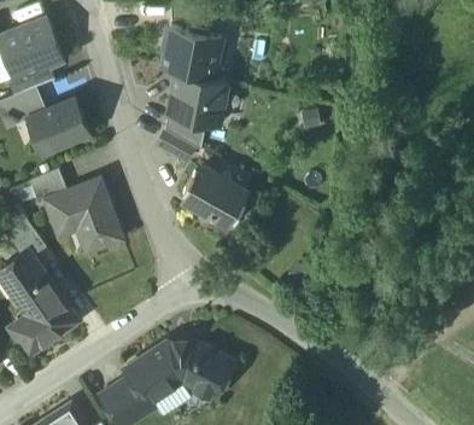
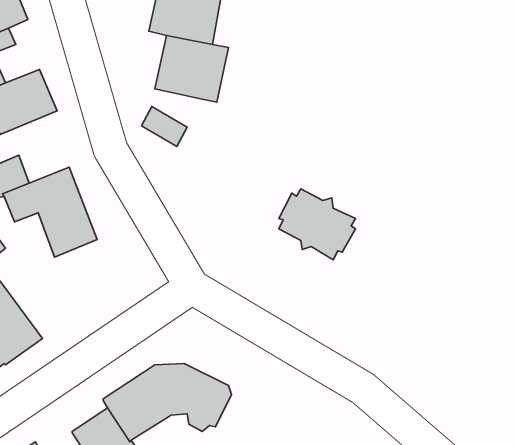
building: [165,116,206,151] -> none
building: [183,168,246,226] -> [279,189,355,260]

